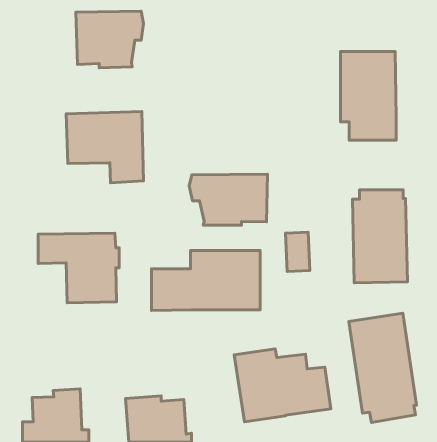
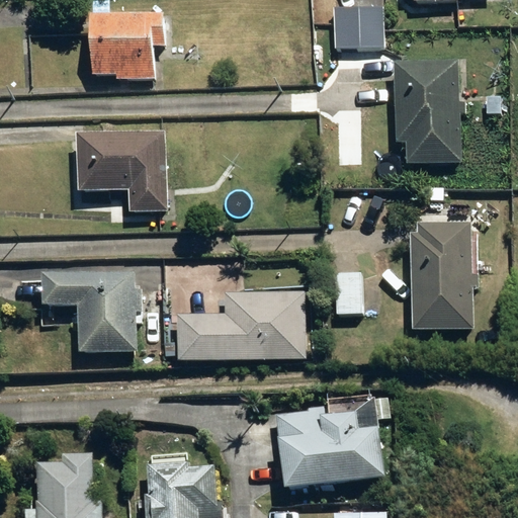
building: none -> [331,5,381,48]
building: [189,174,267,225] -> none
building: [349,313,416,423] -> none

